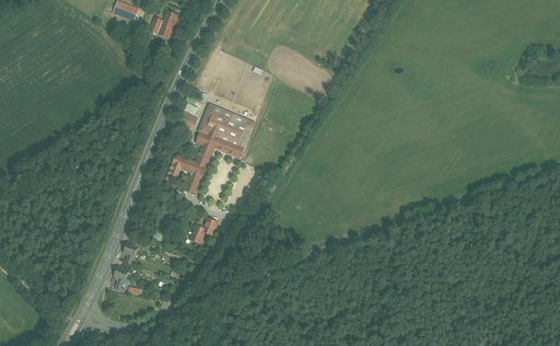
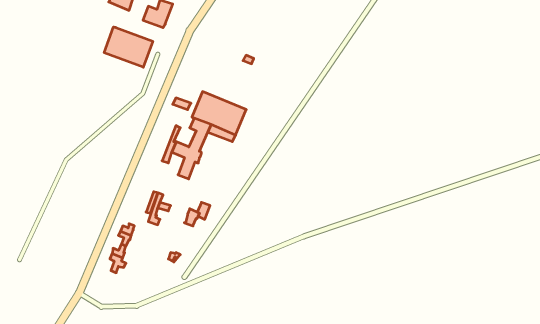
building: none -> [104,27,153,67]

